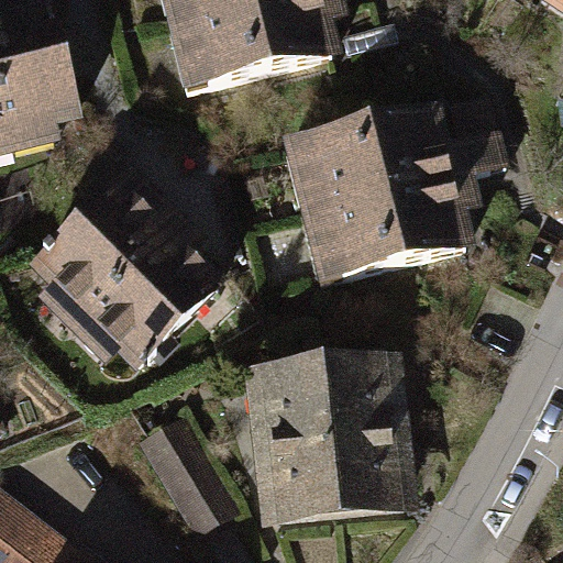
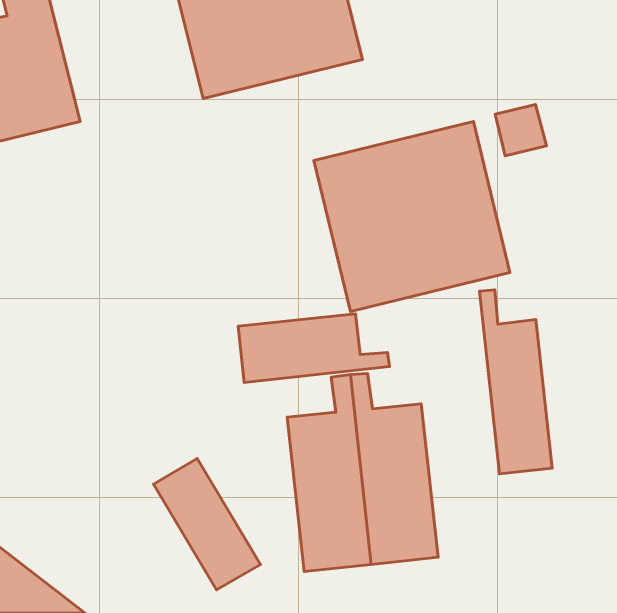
building: [36,186,213,362] -> none
building: none -> [480,290,552,474]
building: none -> [238,314,389,382]

